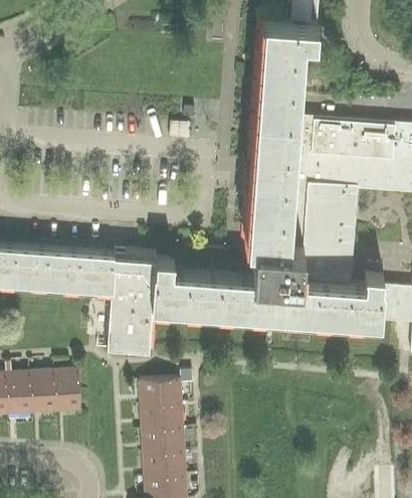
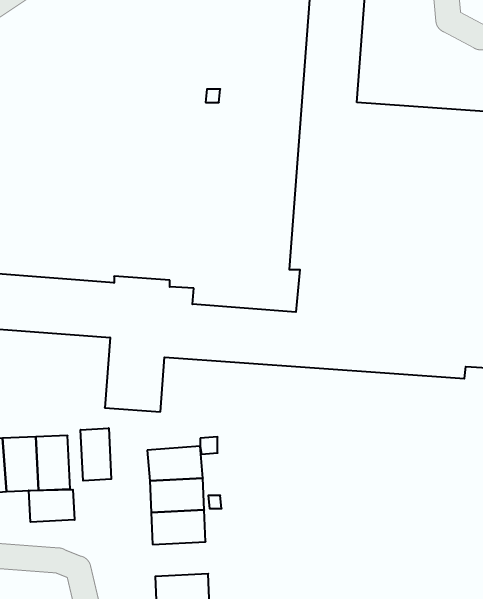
building: none -> [81,428,111,481]
building: none -> [29,490,75,522]
building: [144,451,186,477] -> none

